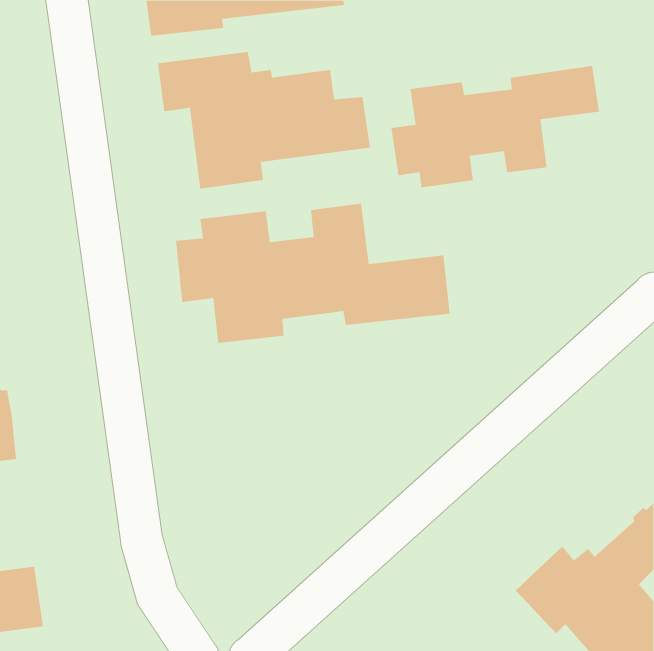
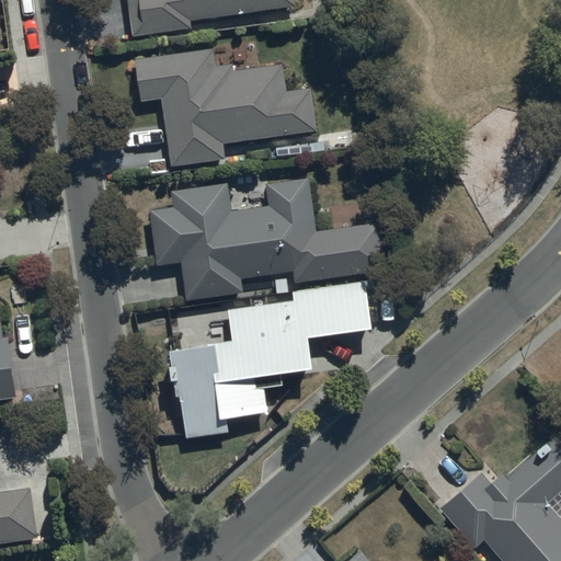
building: [391,65,599,188] -> none
building: none -> [171,280,370,437]

